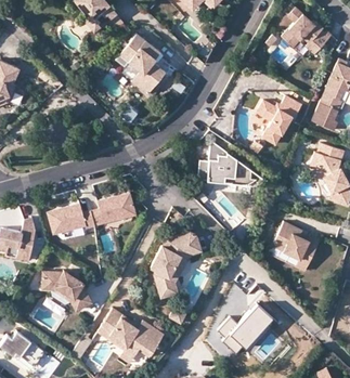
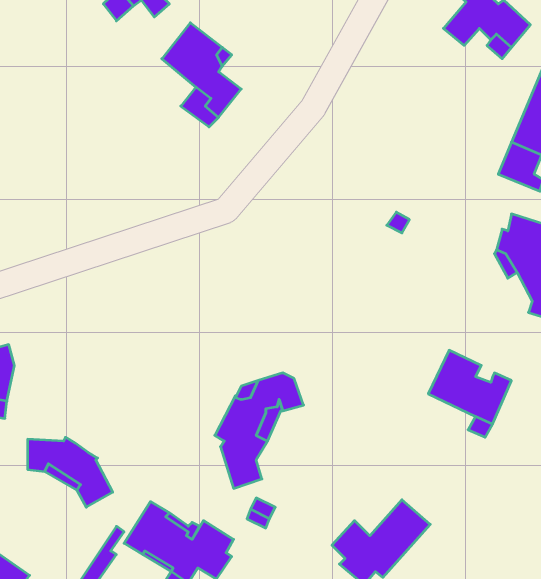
building: [259,95,302,144] -> none
building: [199,141,251,183] -> none
building: [48,193,137,234] -> none

